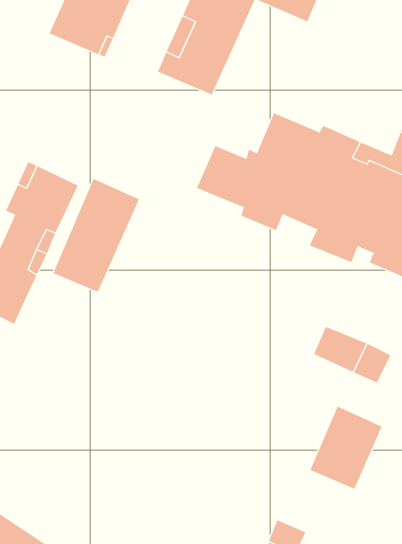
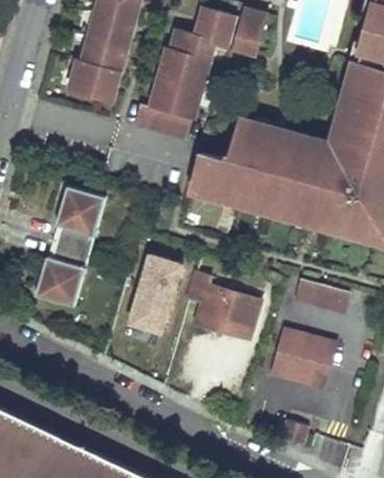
building: none -> [132,105,189,142]
building: [52,178,140,293] -> [128,257,184,340]
building: none -> [190,273,262,339]
building: none -> [270,323,317,382]

